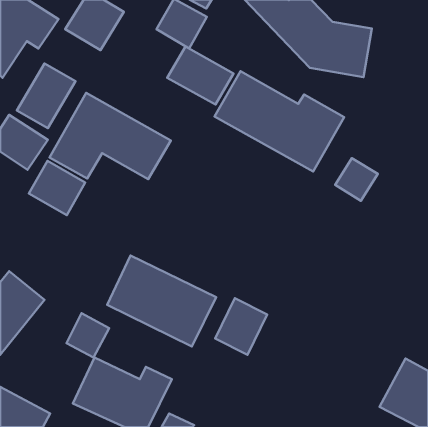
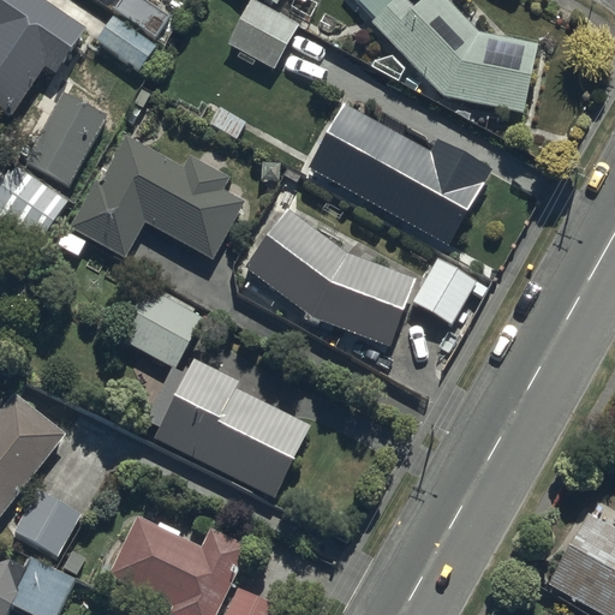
building: [167,46,234,105] -> none
building: none -> [245,207,416,346]
building: [335,158,378,201] -> [414,262,476,323]
building: [29,161,85,215] -> [118,287,198,365]
building: [215,298,267,355] -> none
building: [67,313,109,357] -> [18,491,79,555]

